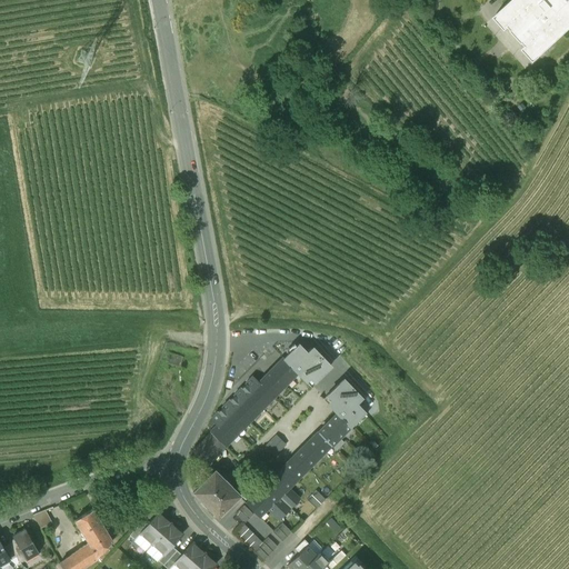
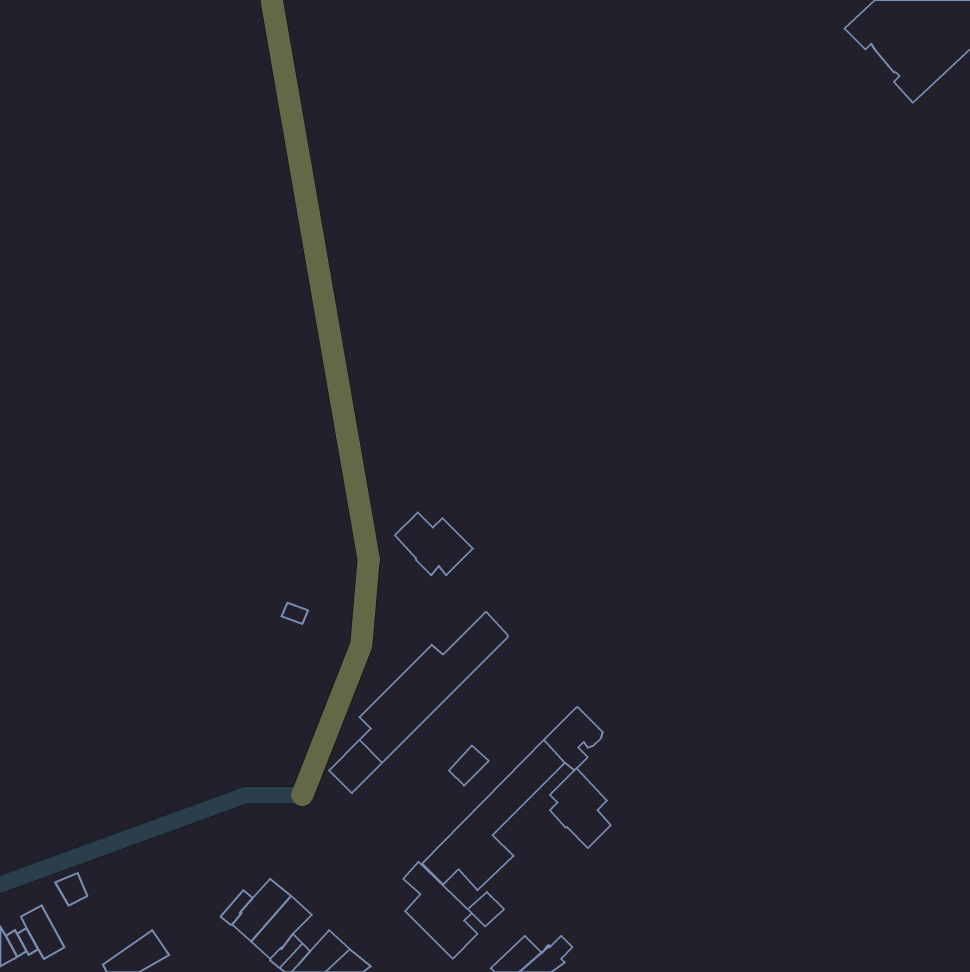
building: [286,345,331,381] -> [395,512,473,575]
building: [329,379,365,426] -> [550,768,611,848]
building: [193,470,241,517] -> none
building: [76,510,113,557] -> none

